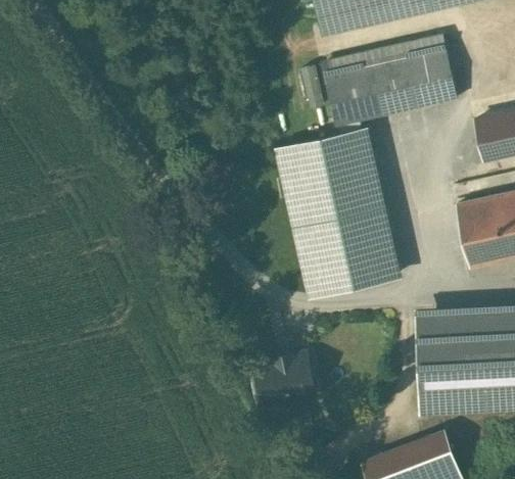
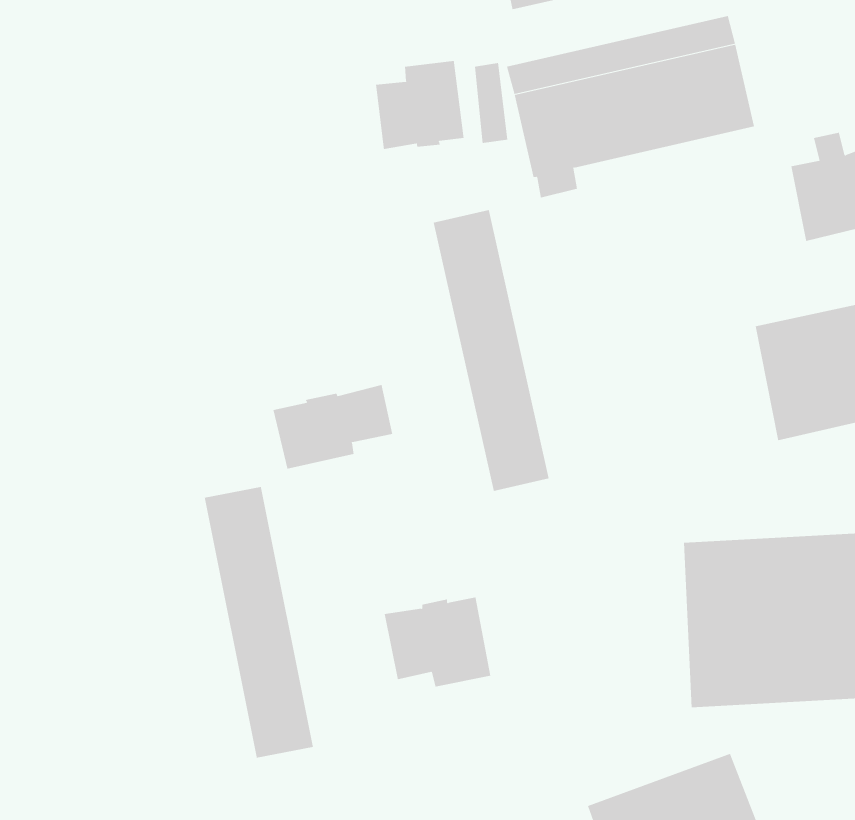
building: none -> [376,60,464,150]
building: [313,130,395,287] -> none
building: none -> [273,384,393,470]
building: none -> [204,486,313,759]

